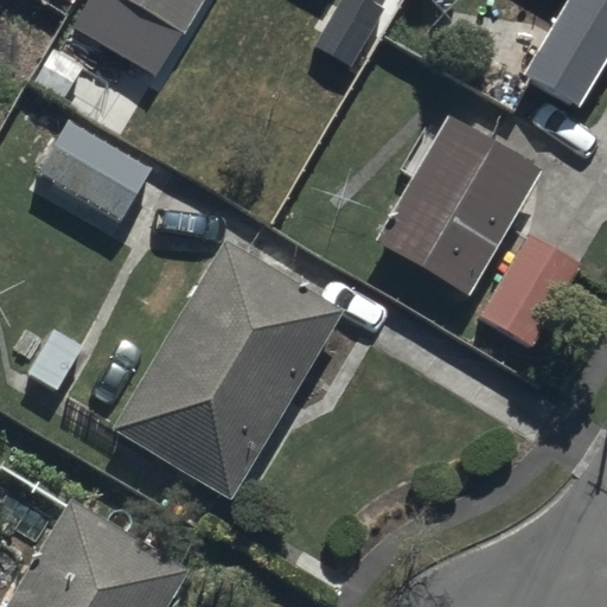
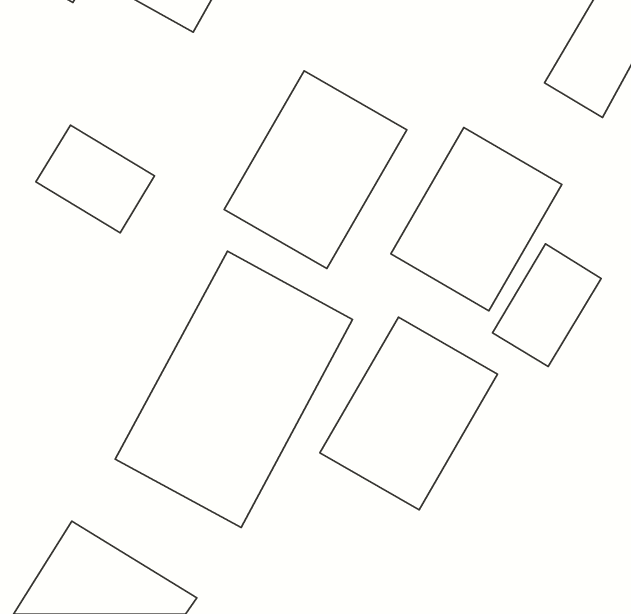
building: none -> [224,71,407,268]
building: none -> [320,317,498,510]

